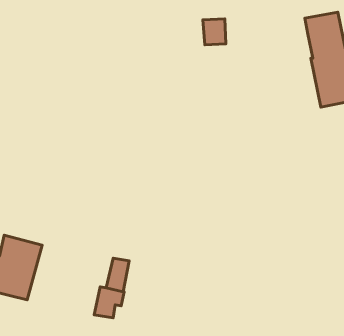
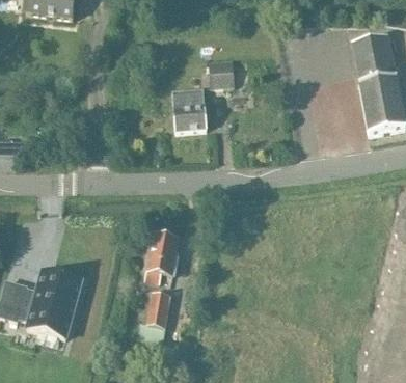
building: [203,19,226,45] -> [210,61,234,88]
building: none -> [173,88,207,132]
building: none -> [147,234,179,283]

